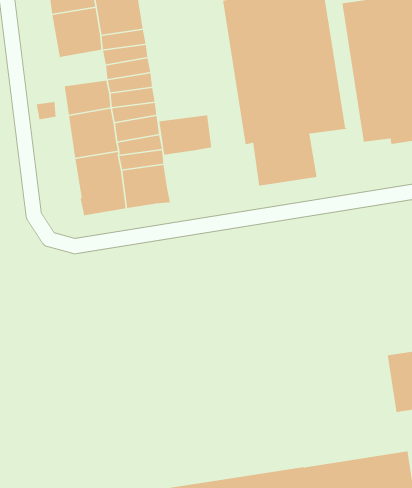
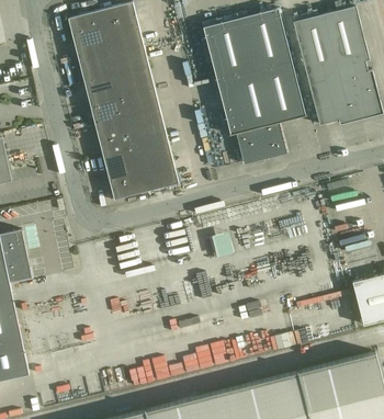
building: none -> [83,73,121,103]
building: [159,114,212,155] -> none

